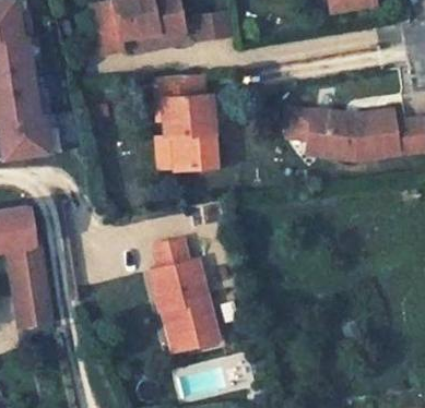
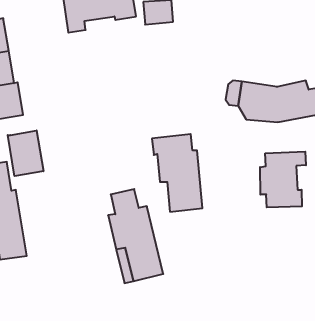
building: [157,75,219,169] -> [152,134,202,212]
building: none -> [8,130,43,176]
building: none -> [260,152,306,207]

